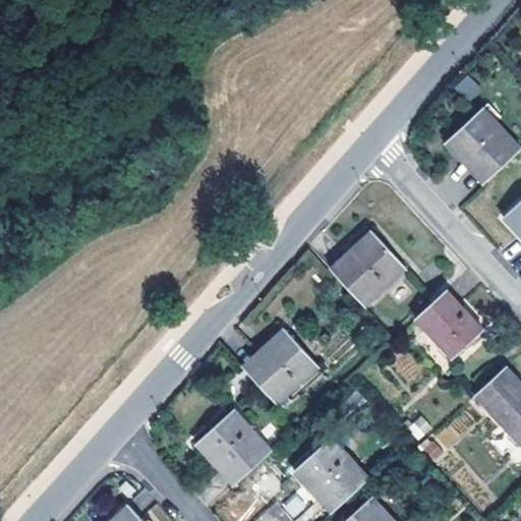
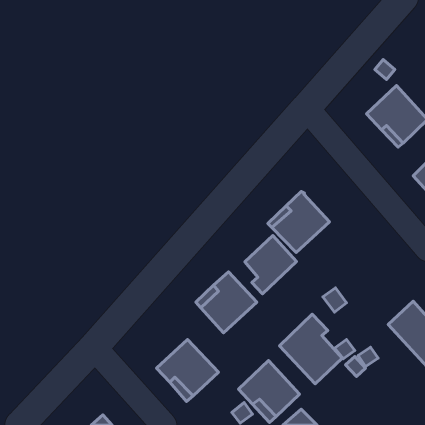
building: none -> [245,236,296,294]
building: [414,291,483,360] -> none
building: none -> [279,314,342,384]

